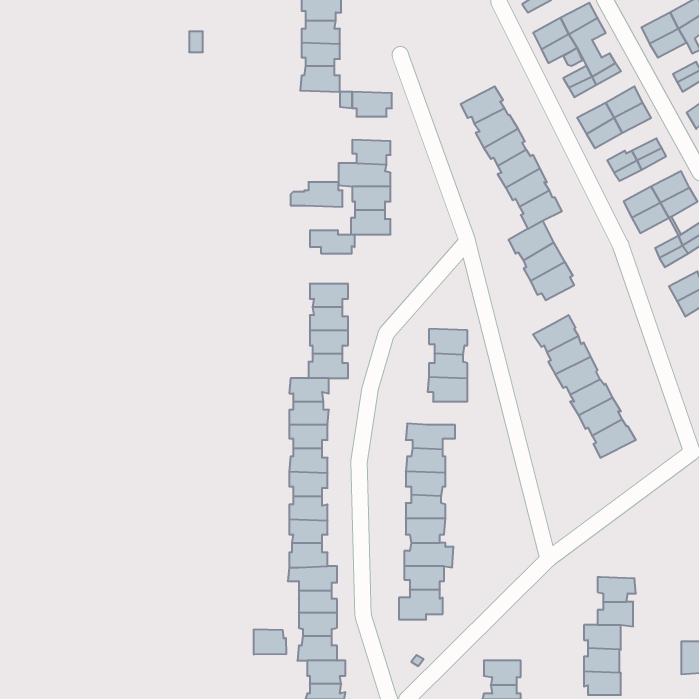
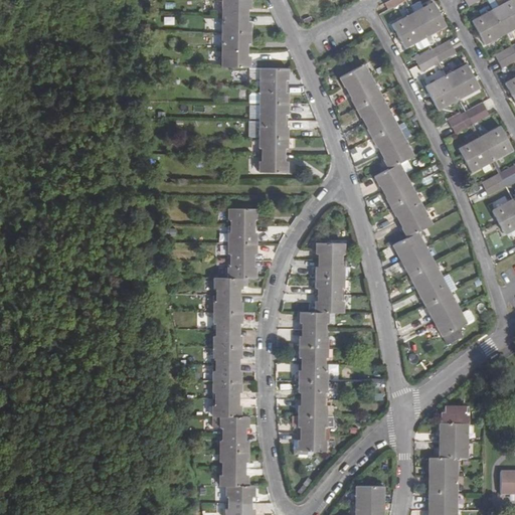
building: [291,182,343,207] -> [249,85,288,104]
building: [310,230,354,254] -> none
building: none -> [401,209,433,237]
building: none -> [315,295,344,312]
building: none -> [442,406,467,424]
building: [254,629,286,655] -> none

